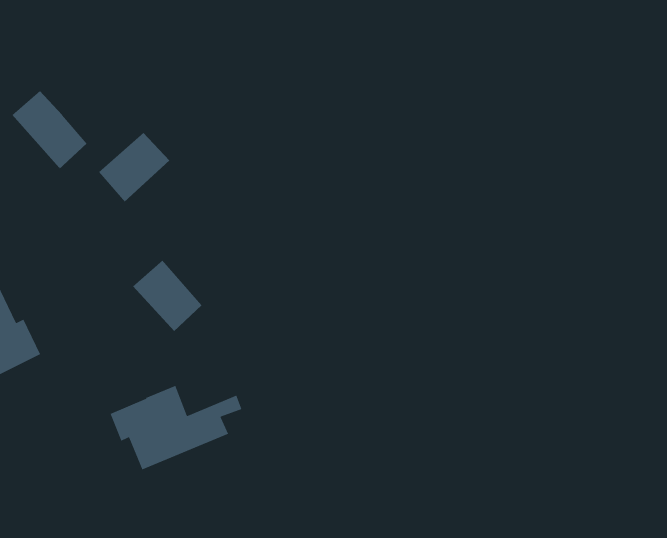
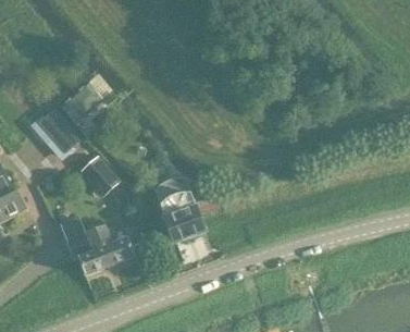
building: [11,90,87,170] -> [37,109,80,155]
building: none -> [159,193,203,243]

